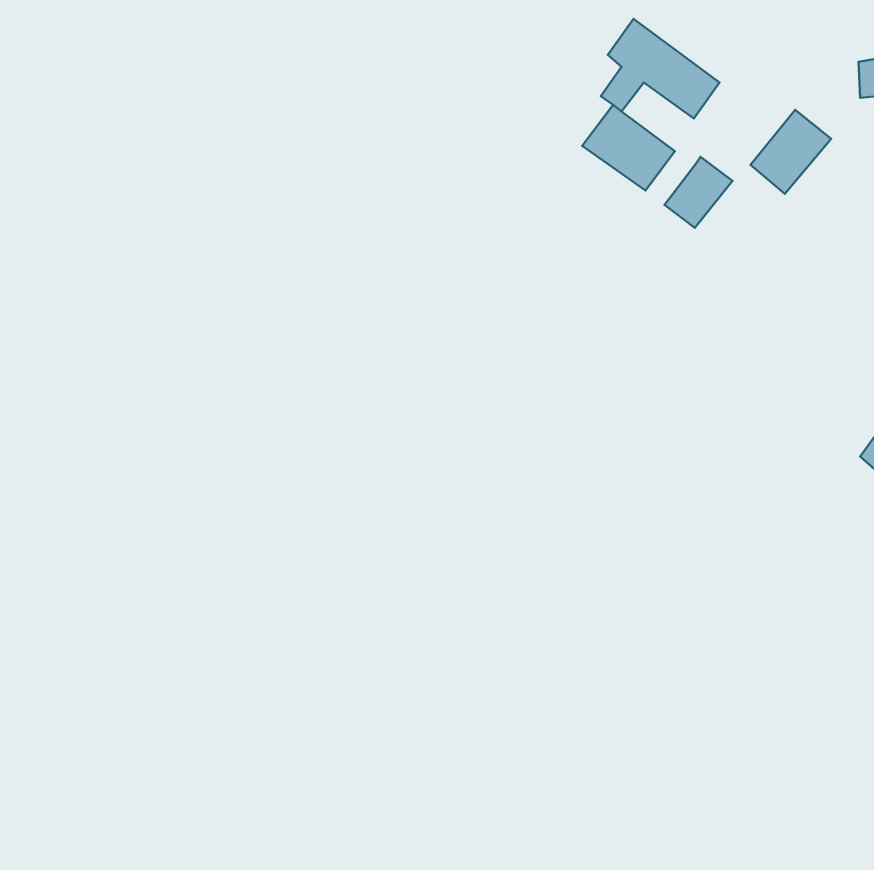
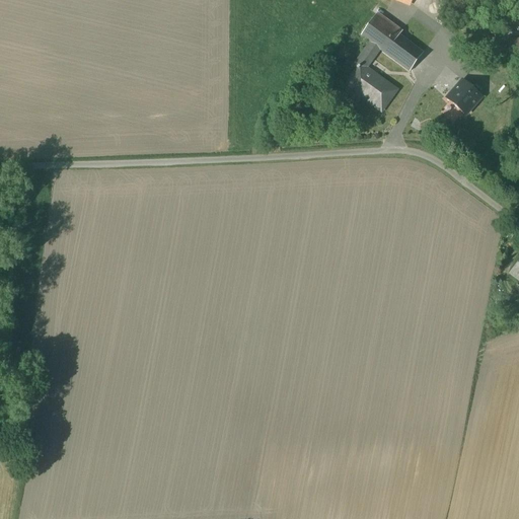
building: [665,157,733,228] -> none

